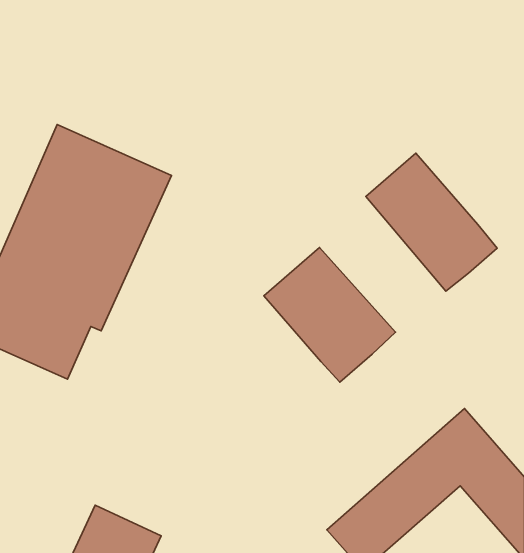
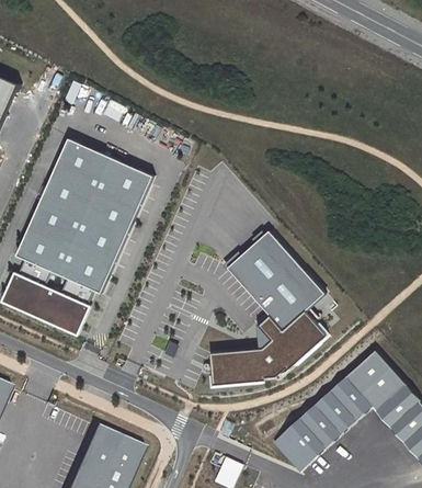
building: [366,153,497,291] -> none
building: none -> [206,309,327,386]

